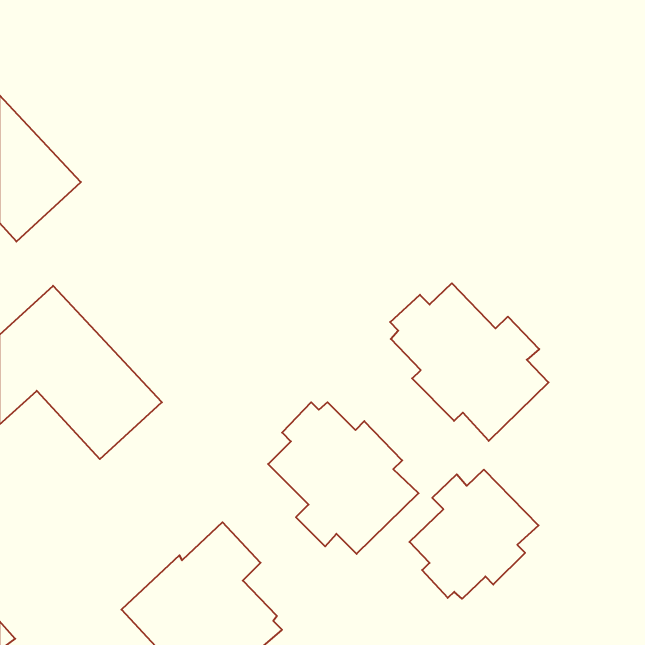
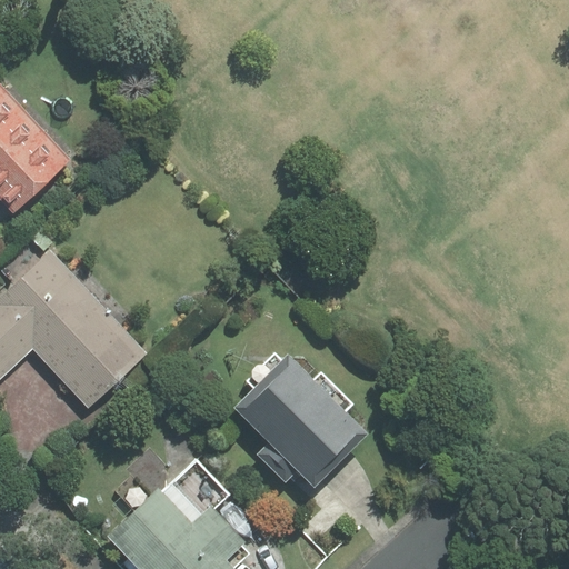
building: [390,283,549,441] -> none
building: [409,470,539,599] -> none

